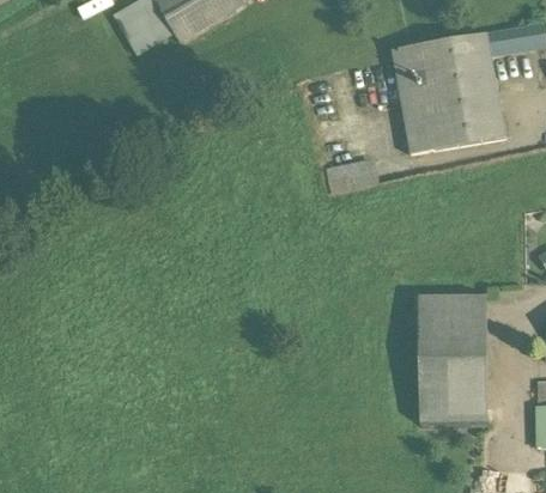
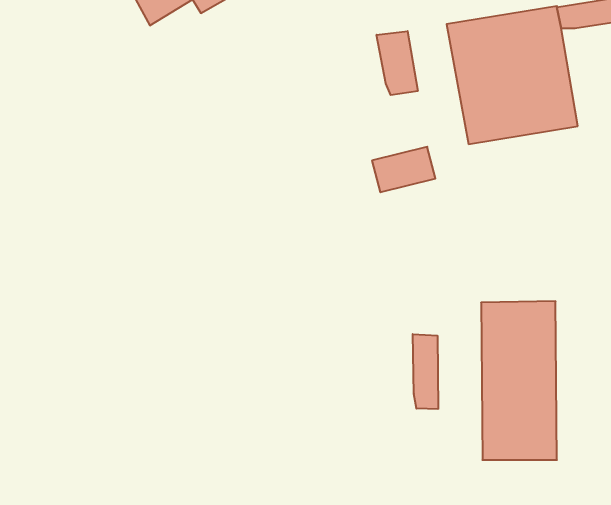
building: none -> [377,31,418,95]
building: none -> [413,334,438,409]

